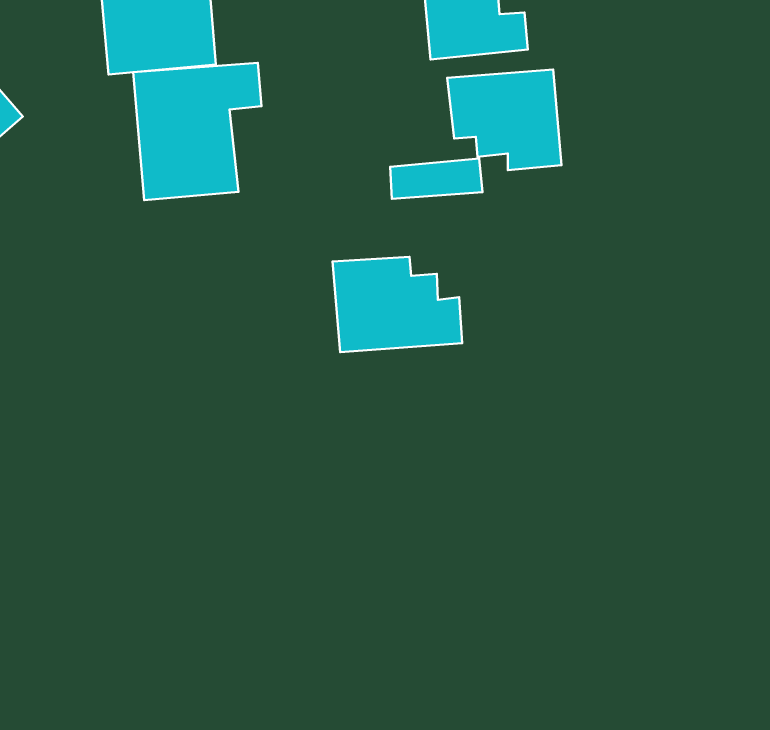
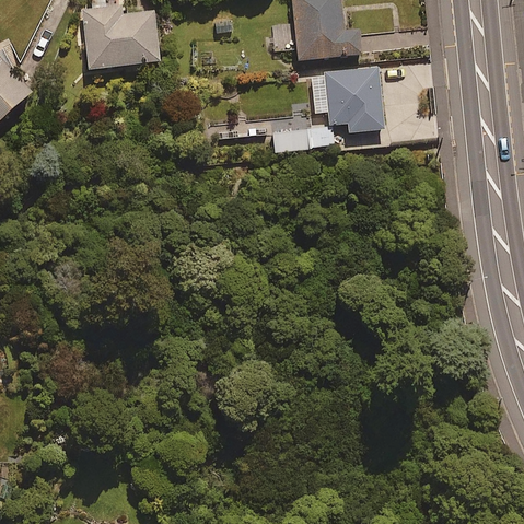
building: [133,63,262,200] -> none
building: [332,257,462,352] -> none

